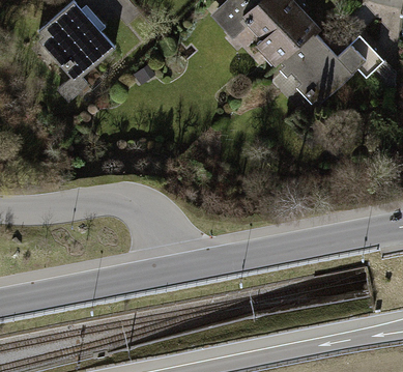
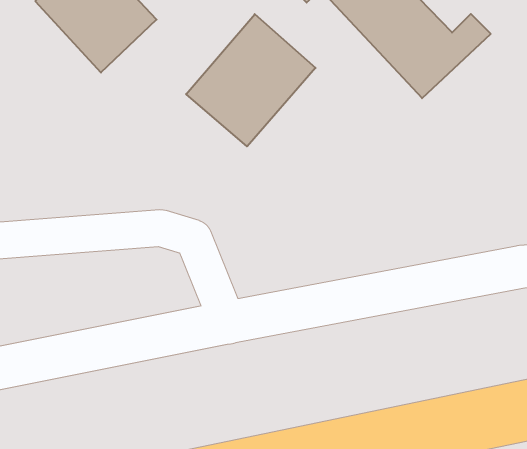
building: none -> [186,14,316,146]

